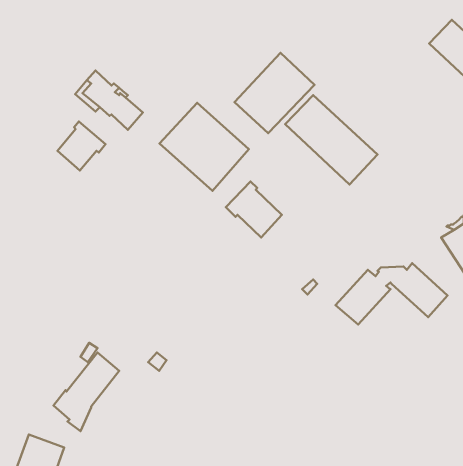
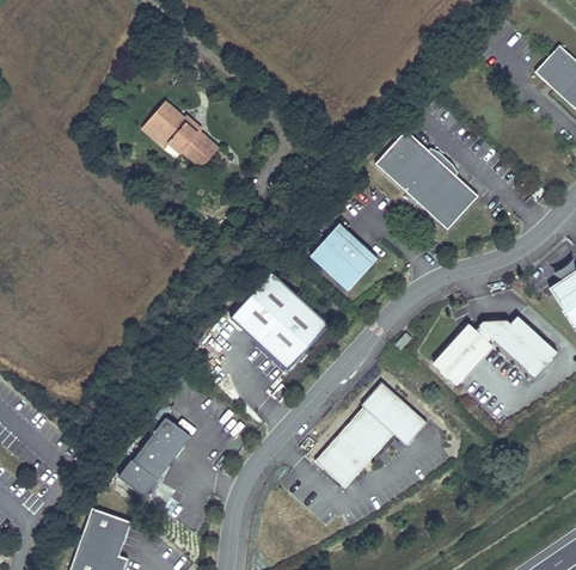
building: [234,53,315,133] -> none
building: [160,103,249,191] -> [229,272,329,370]
building: [57,122,106,170] -> none
building: none -> [317,384,428,491]

